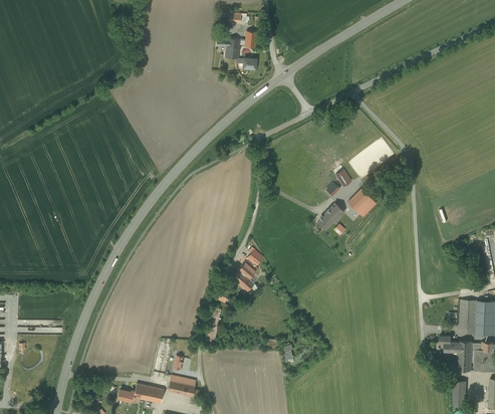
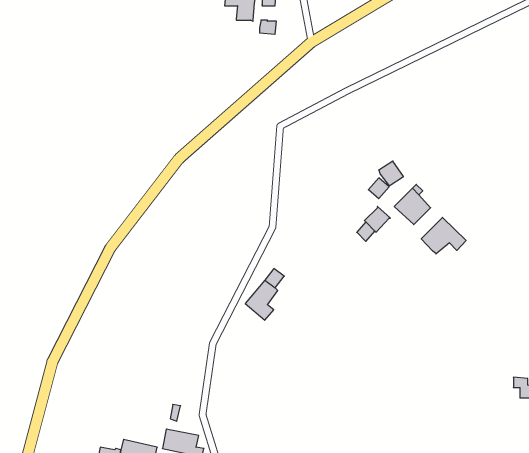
building: none -> [421,217,466,254]

